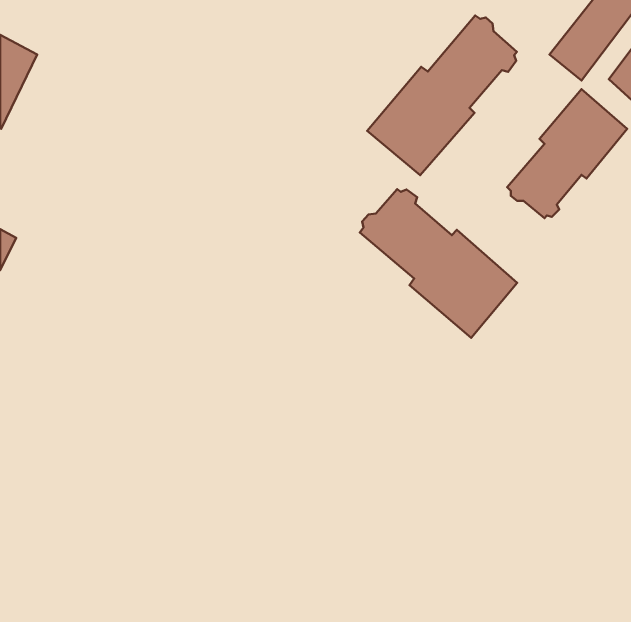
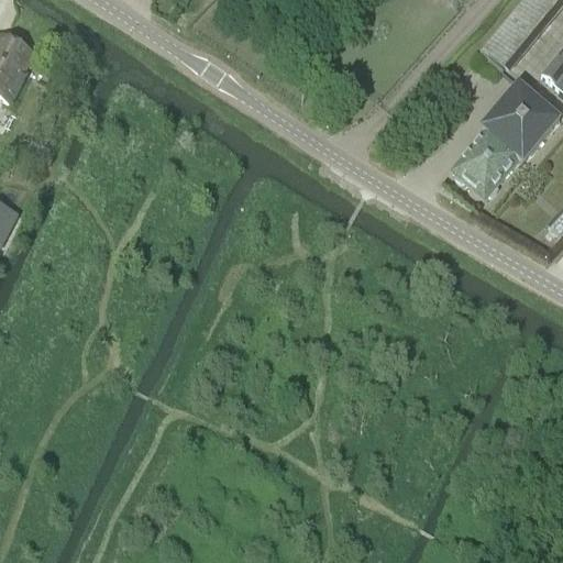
building: [367,15,517,175] -> none
building: [360,189,517,338] -> none

